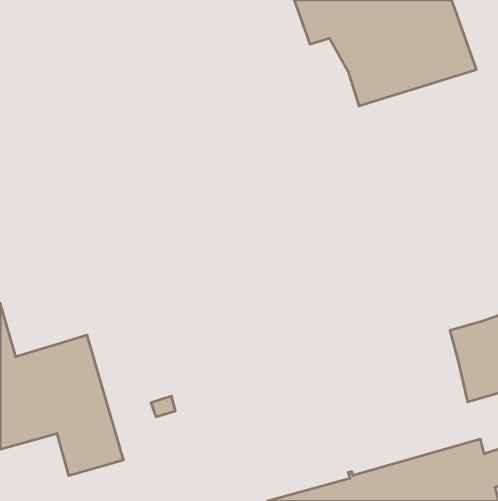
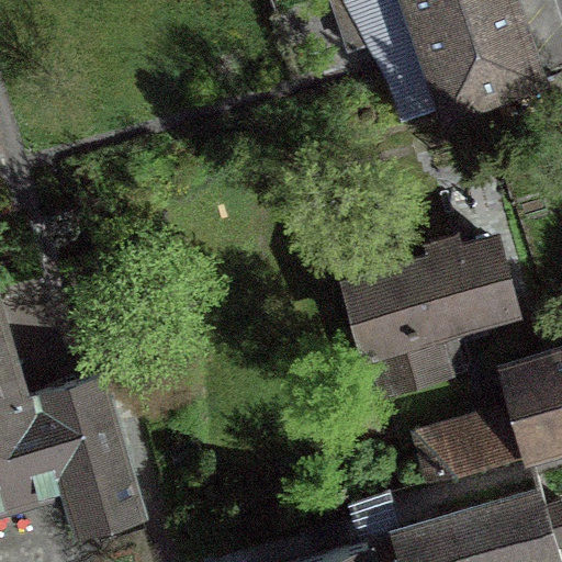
building: none -> [350,237,508,392]
building: none -> [417,403,527,483]

